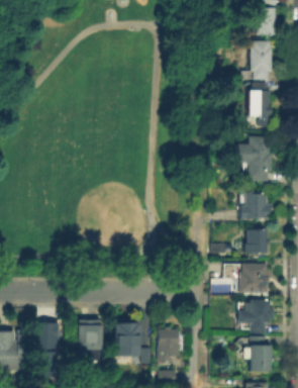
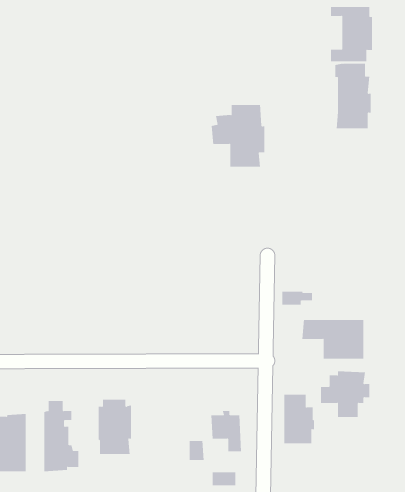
building: [234,136,273,181] -> [211,105,265,167]
building: [239,192,270,219] -> none
building: [245,230,271,254] -> none
building: [114,326,145,355] -> none
building: [251,335,273,371] -> [284,394,315,444]

